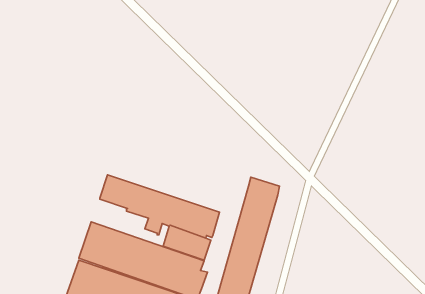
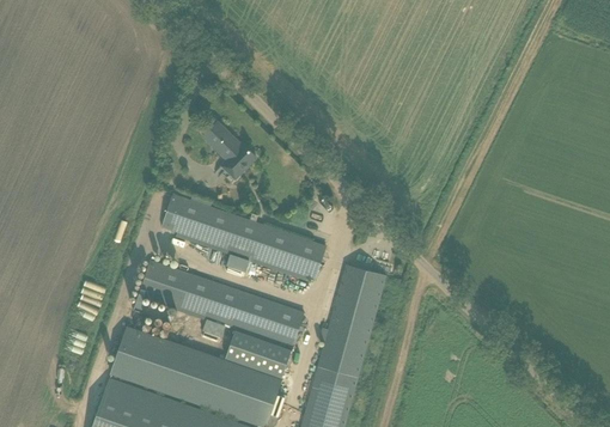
building: none -> [202,121,255,182]
building: none -> [160,194,325,281]

